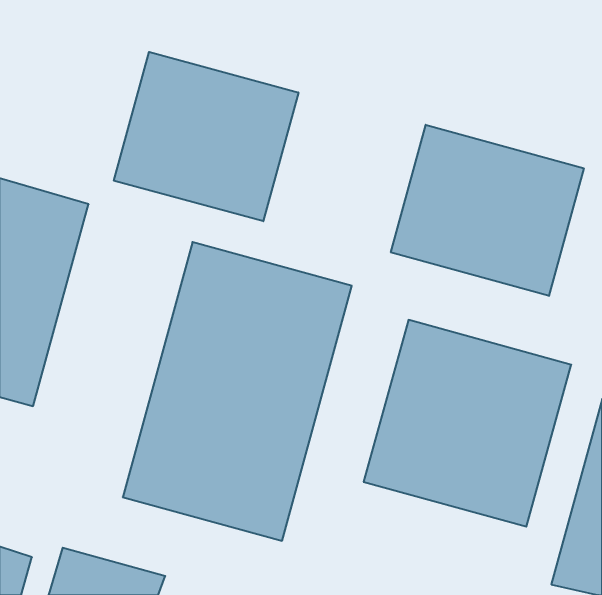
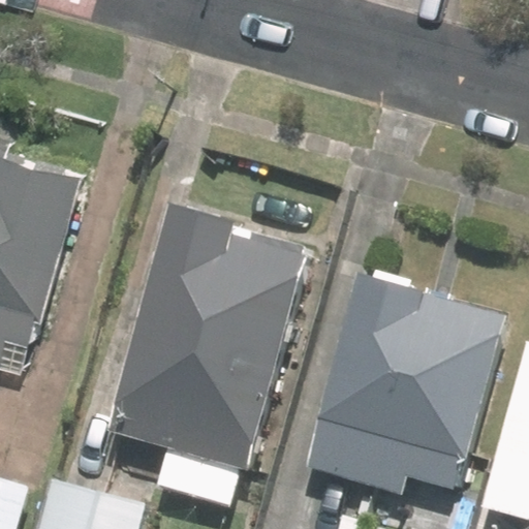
building: [114,52,298,221] -> none
building: [391,125,584,296] -> none

